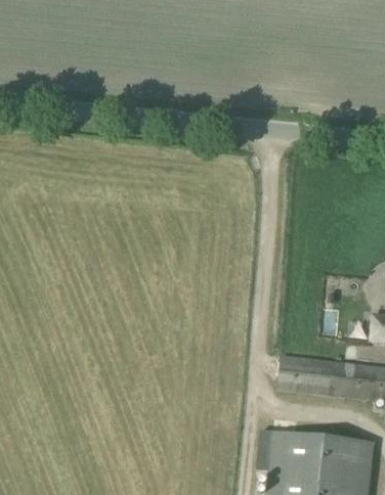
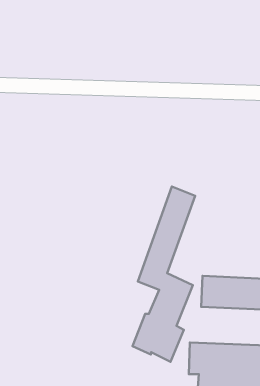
building: none -> [133,187,195,362]

